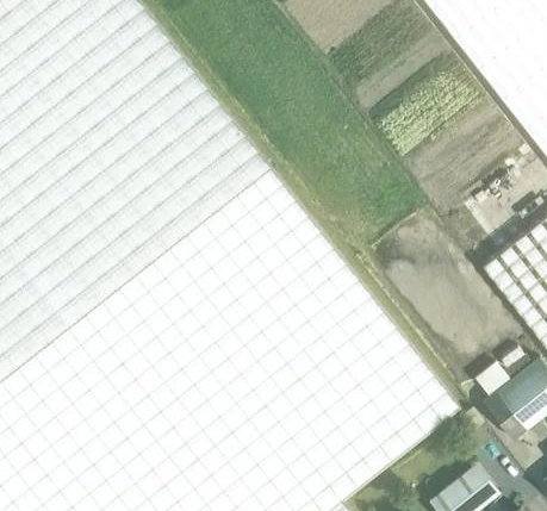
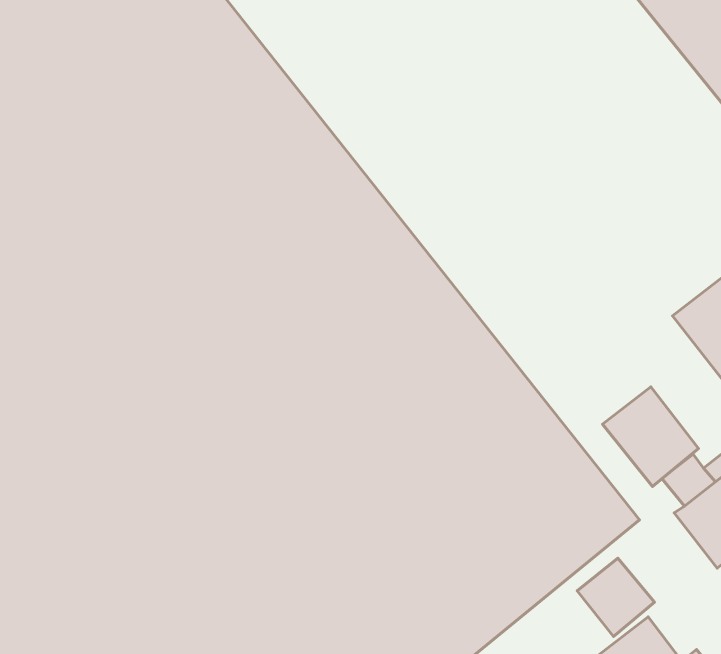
building: none -> [603,387,699,486]
building: none -> [577,558,654,636]

